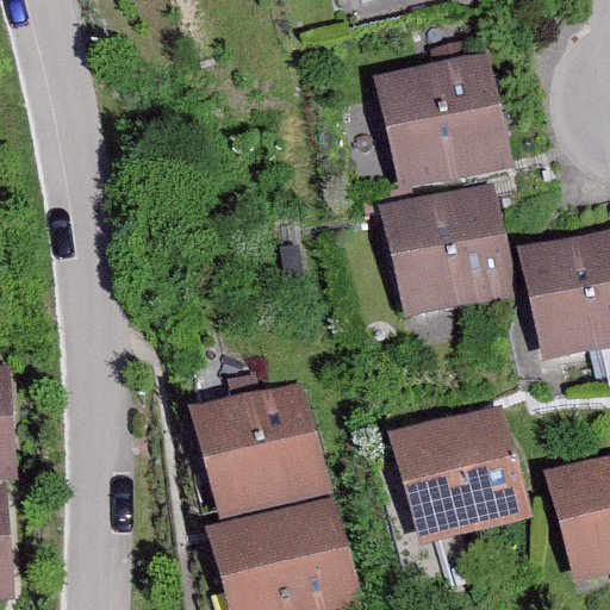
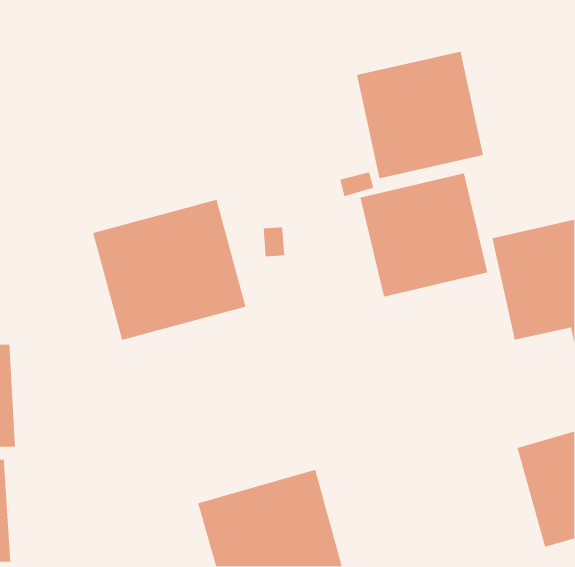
building: none -> [92,199,246,341]
building: [193,380,332,518] -> none
building: [391,407,530,544] -> none

